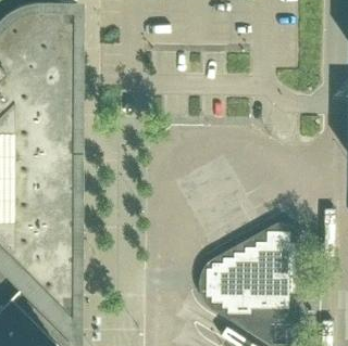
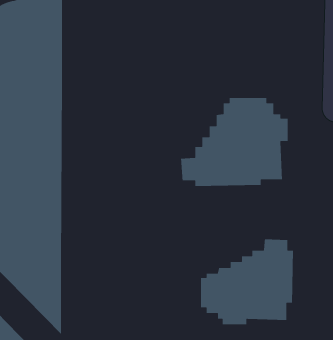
building: none -> [180,97,288,187]

